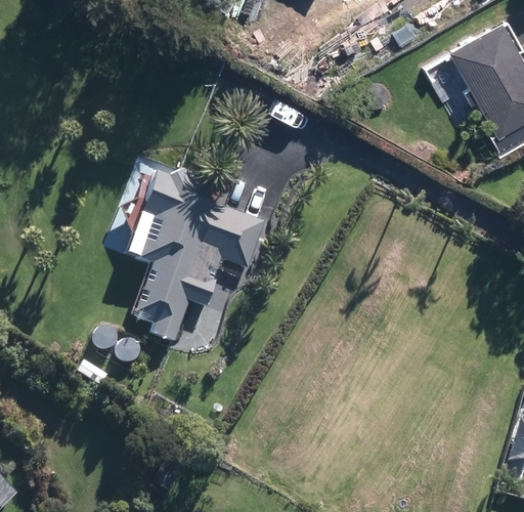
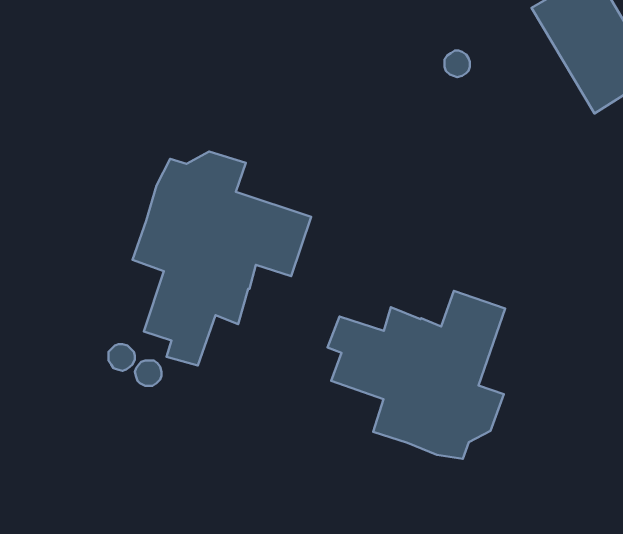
building: none -> [327,291,505,459]

